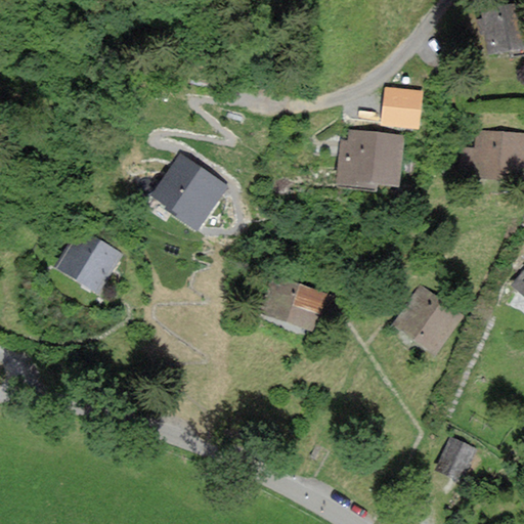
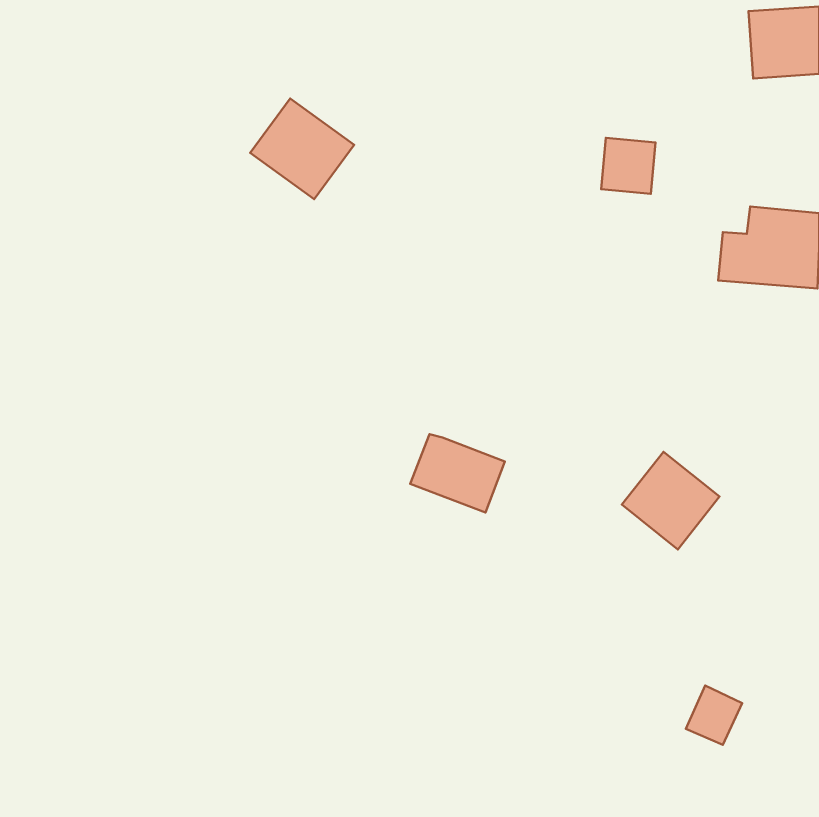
building: [341,129,402,187] -> none
building: [157,157,223,221] -> [250,98,354,199]
building: [60,231,119,289] -> none

